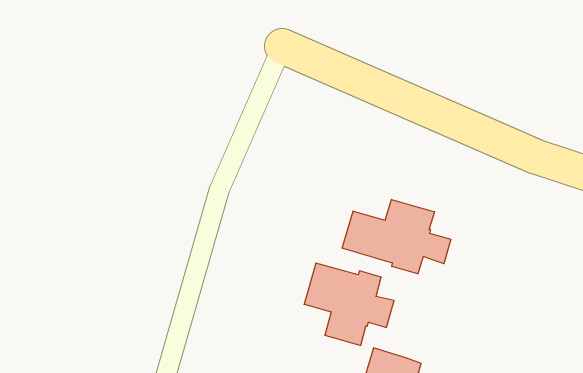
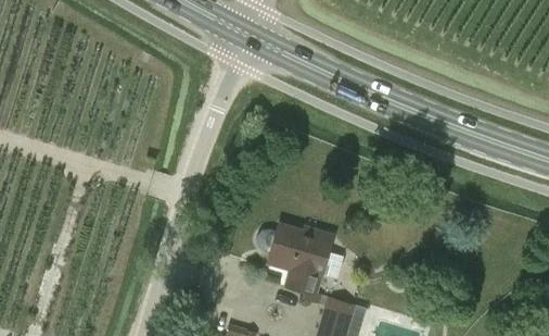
building: [342,199,451,274] -> none

